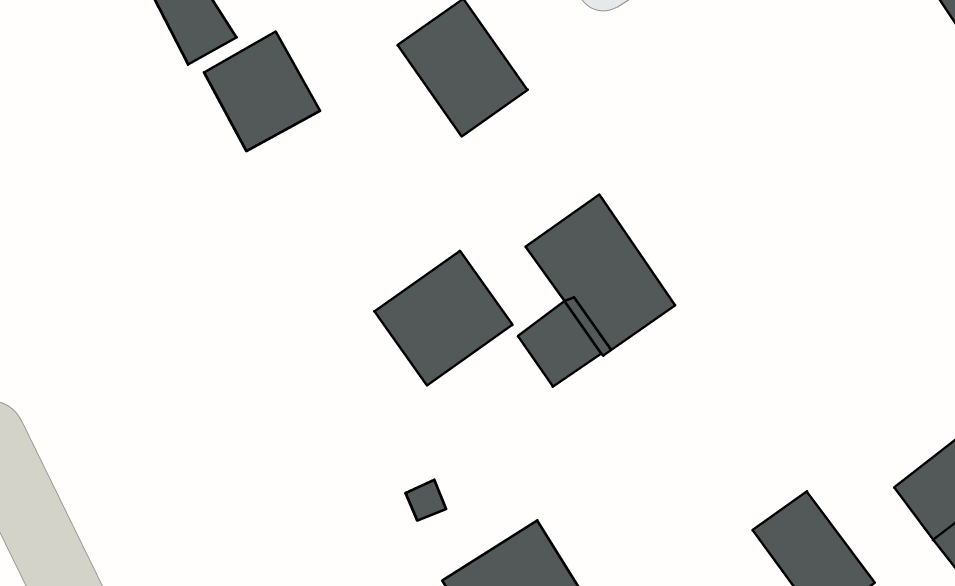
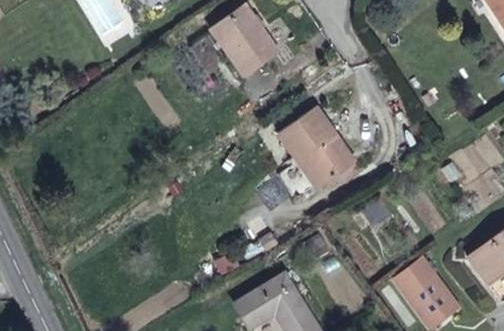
building: [204,32,320,151] -> none
building: [374,251,512,385] -> none

